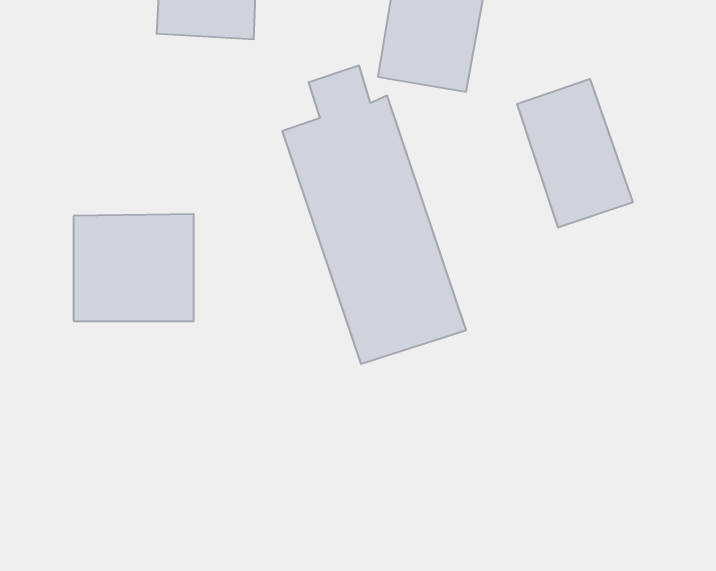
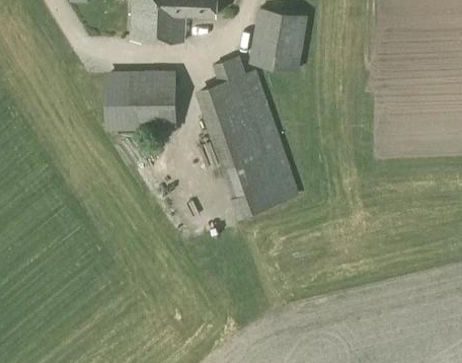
building: [517,79,633,228] -> none
building: [74,214,194,321] -> [108,71,173,129]

